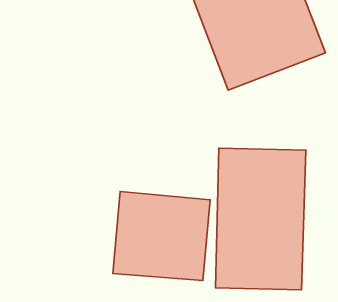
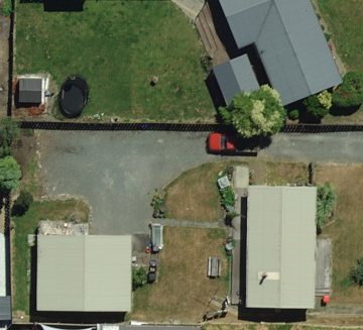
building: [113,192,210,281] -> [38,229,133,316]

